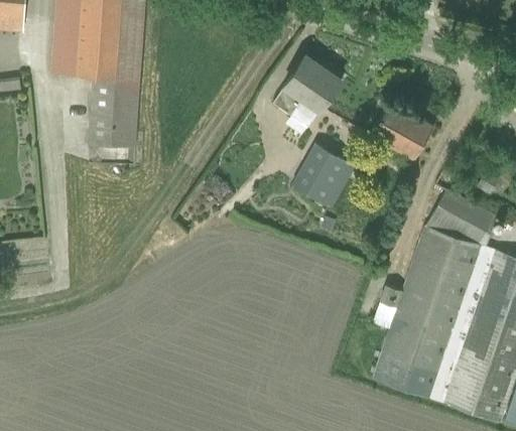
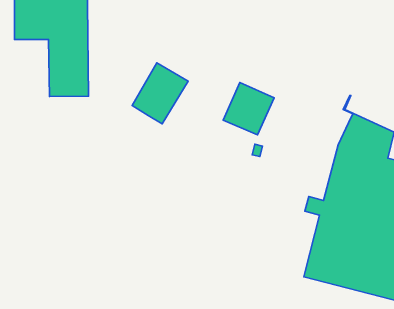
building: [272,54,341,127] -> [132,63,188,124]
building: [370,102,433,160] -> none

